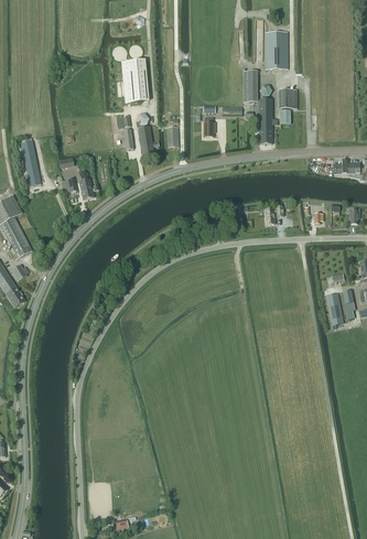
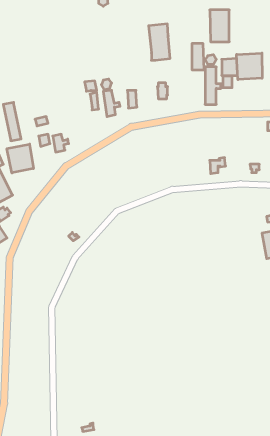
building: [121,58,147,101] -> [149,24,170,60]
building: none -> [237,53,262,80]
building: none -> [7,144,33,173]

